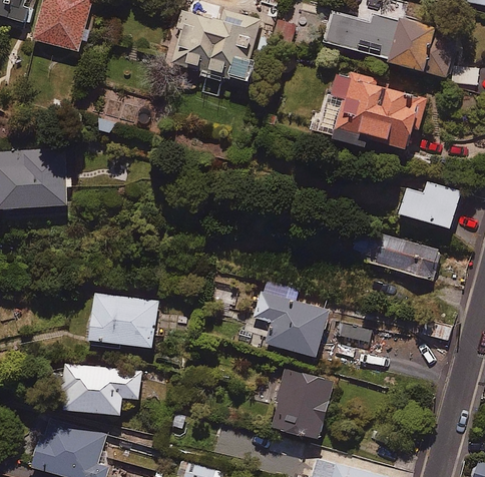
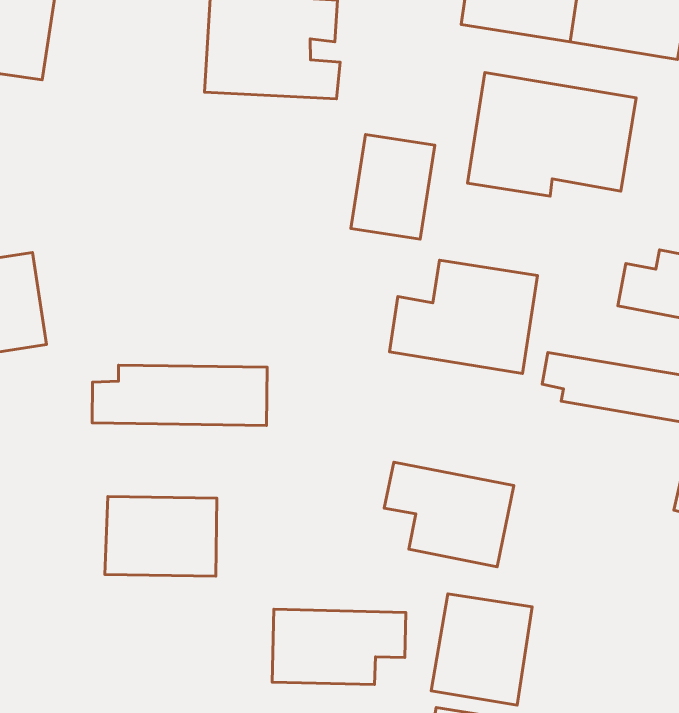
building: none -> [351,135,435,239]
building: none -> [390,260,538,374]
building: none -> [92,365,267,426]
building: [61,364,142,413] -> [272,609,406,685]

